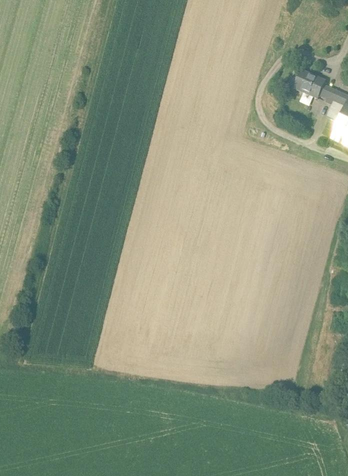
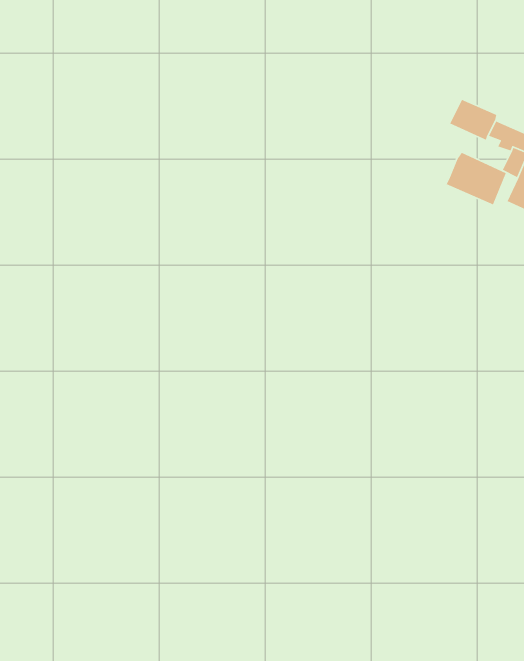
building: none -> [445,152,507,206]

